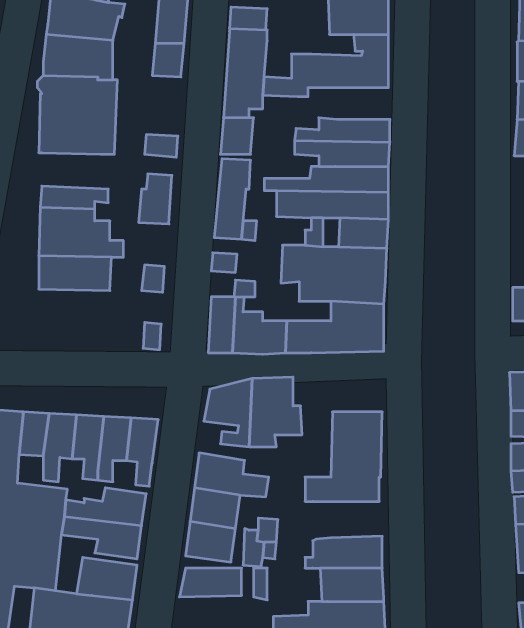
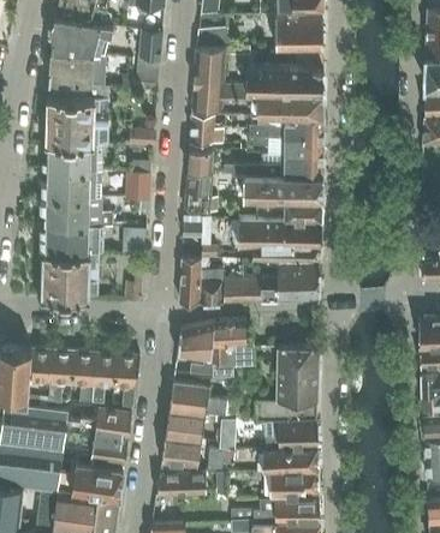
building: none -> [251,91,325,116]
building: none -> [48,143,102,172]
building: none -> [41,251,102,298]
building: none -> [263,419,319,449]

